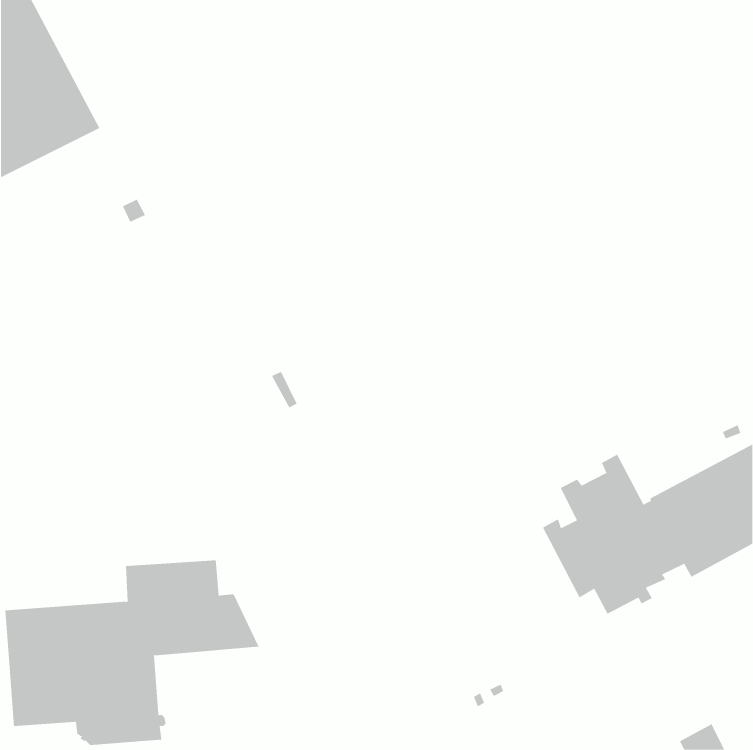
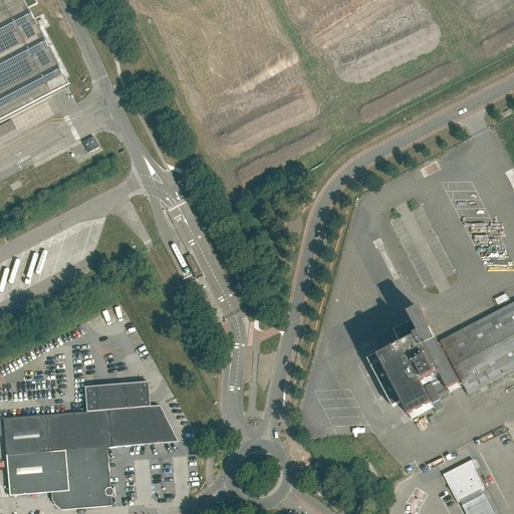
building: none -> [444,459,485,502]

